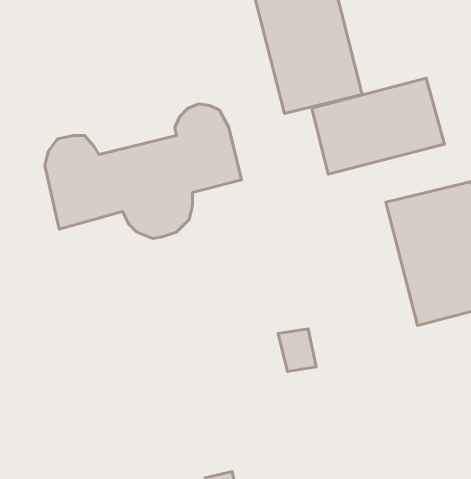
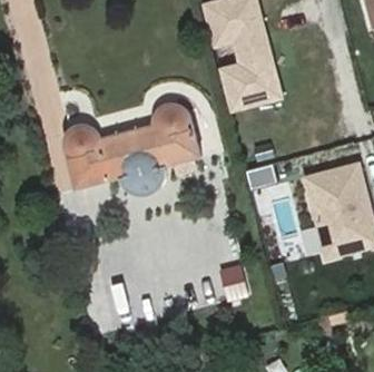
building: [312,78,444,174] -> none

